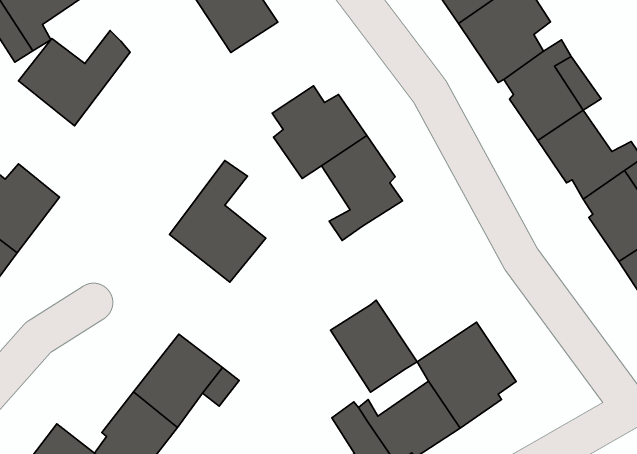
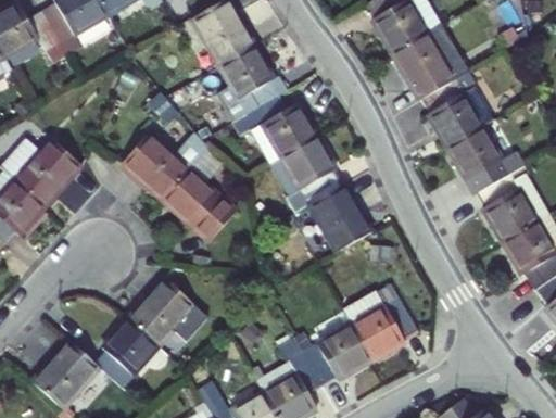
building: none -> [217,46,278,114]
building: [19,30,130,126] -> [122,130,207,201]
building: [331,300,417,392] -> [308,183,372,253]

